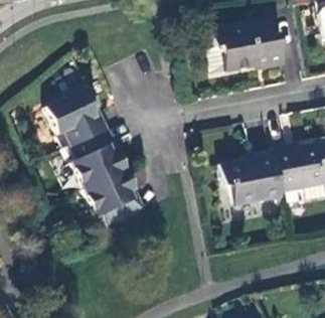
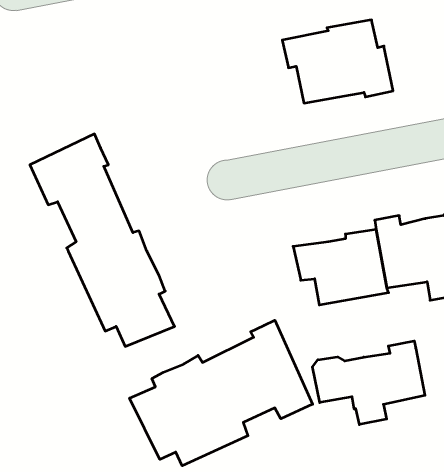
building: none -> [130,320,313,466]
building: none -> [312,341,425,425]

